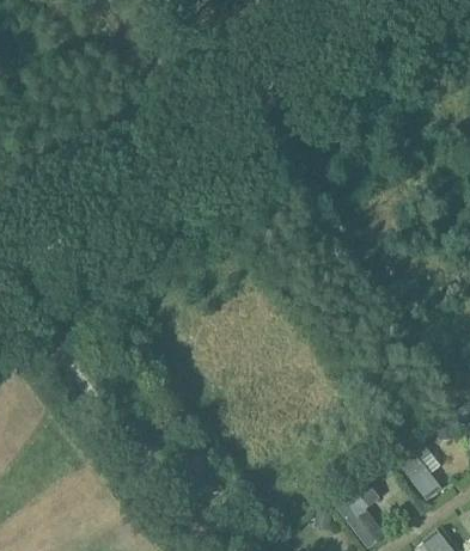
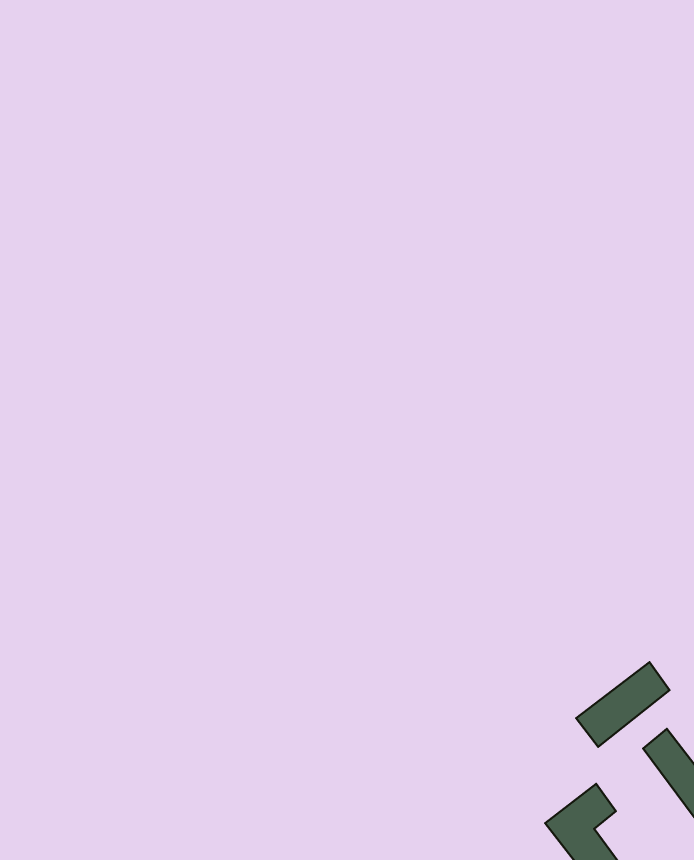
building: none -> [576,662,669,747]

